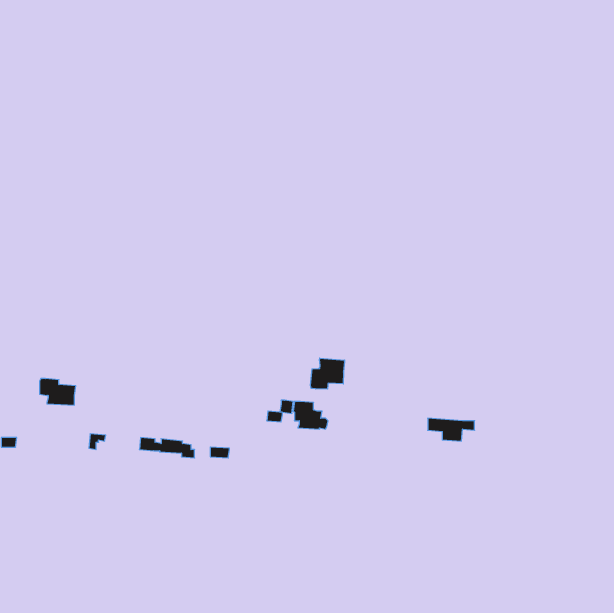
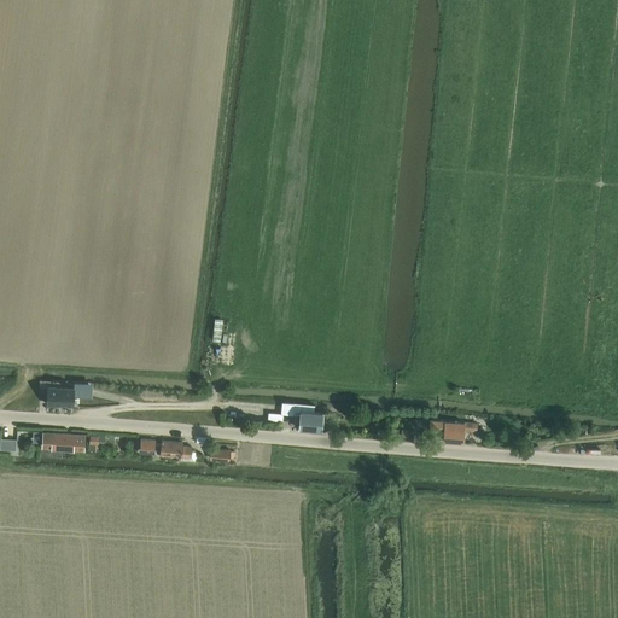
building: [310,358,345,389] -> none
building: none -> [34,432,86,451]

